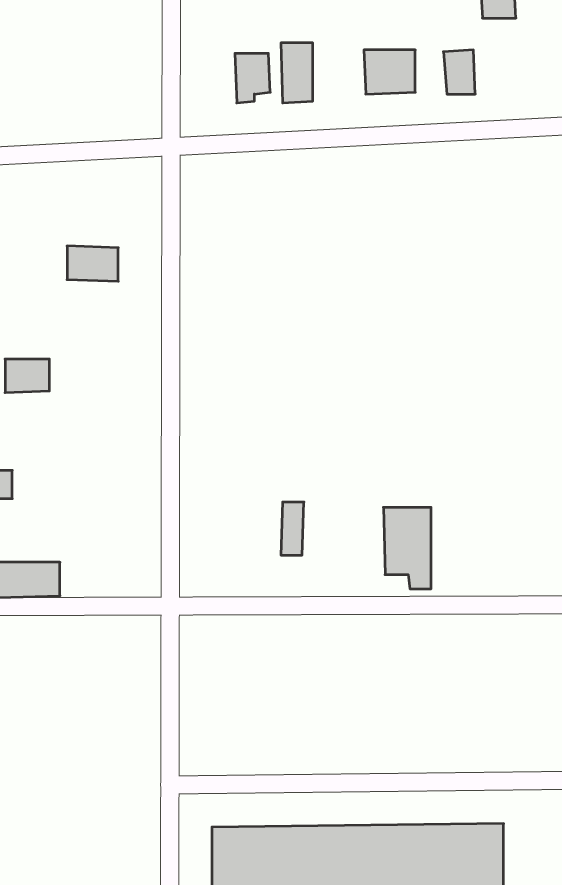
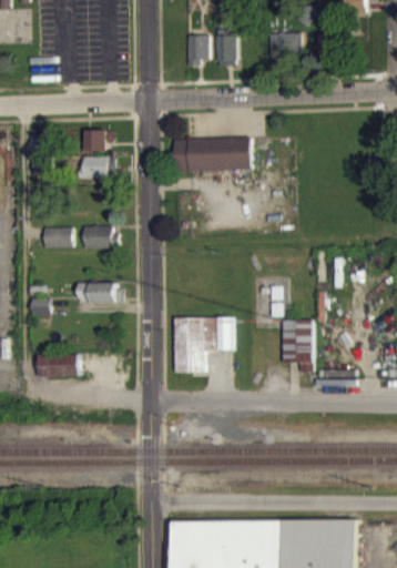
building: none -> [84,130,110,152]
building: none -> [173,138,251,172]
building: none -> [83,226,114,248]
building: none -> [77,284,121,303]
building: none -> [173,317,213,375]

